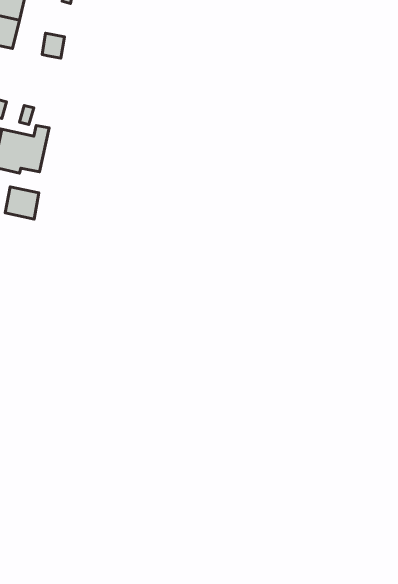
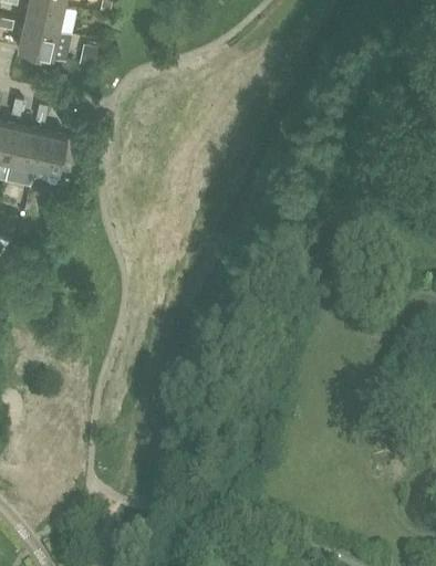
building: [5,187,39,219] -> none

